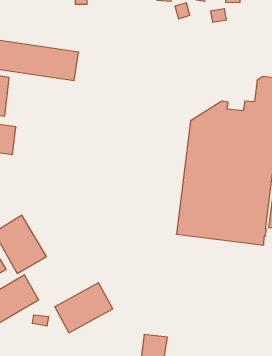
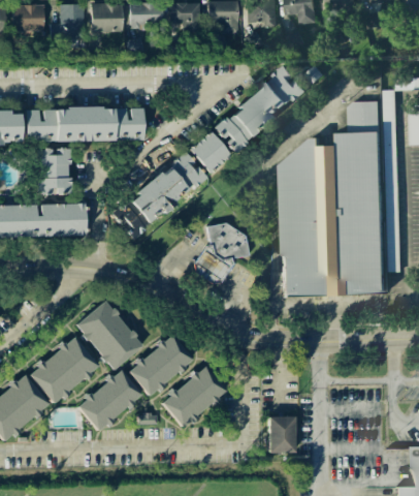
building: none -> [213,67,308,150]
building: none -> [188,131,230,174]
building: none -> [110,153,205,237]
building: none -> [193,223,249,286]
building: none -> [128,335,193,396]

